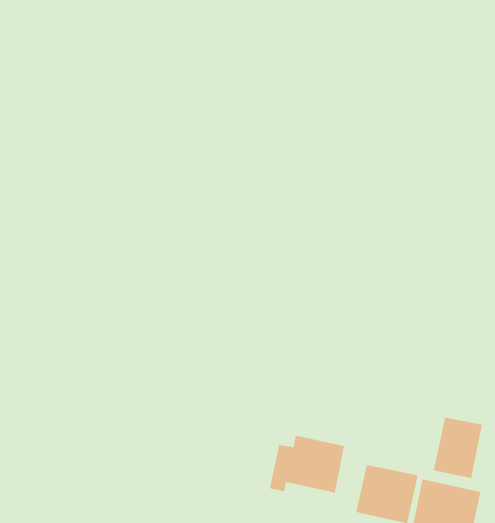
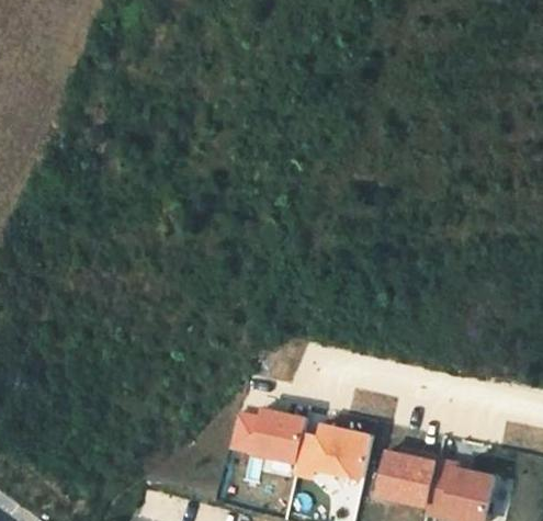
building: [433,417,482,479] -> none
building: none -> [234,410,305,464]

